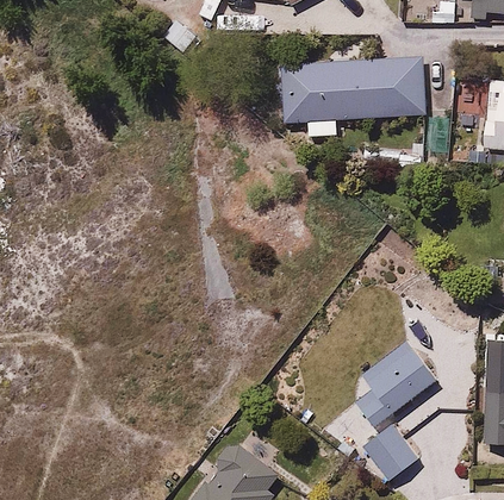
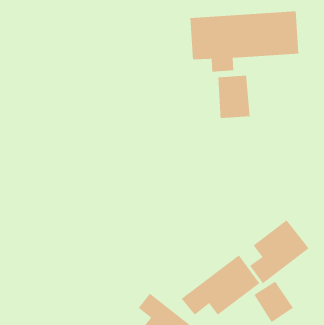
building: none -> [218,75,250,119]
building: none -> [181,254,260,316]

